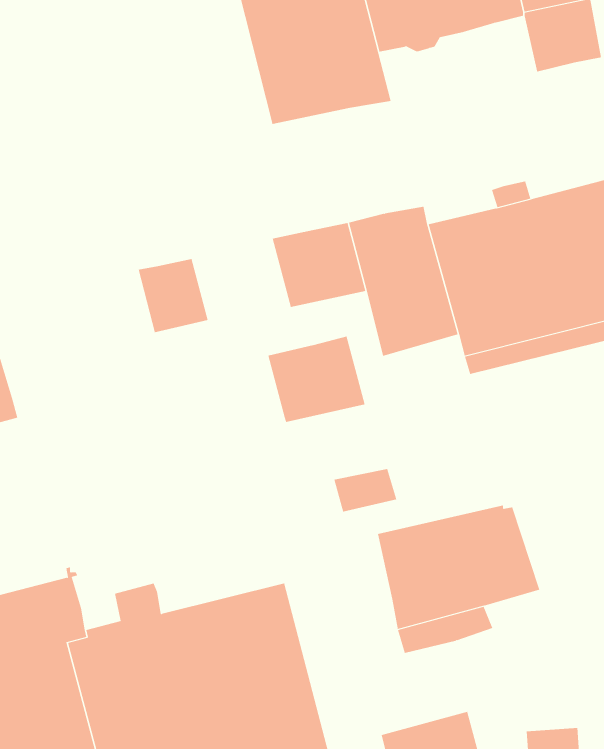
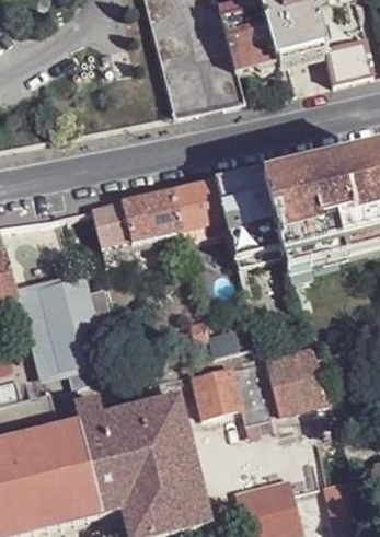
building: [268,336,365,423] -> [123,188,182,241]
building: none -> [14,268,107,382]
building: none -> [193,366,243,416]

